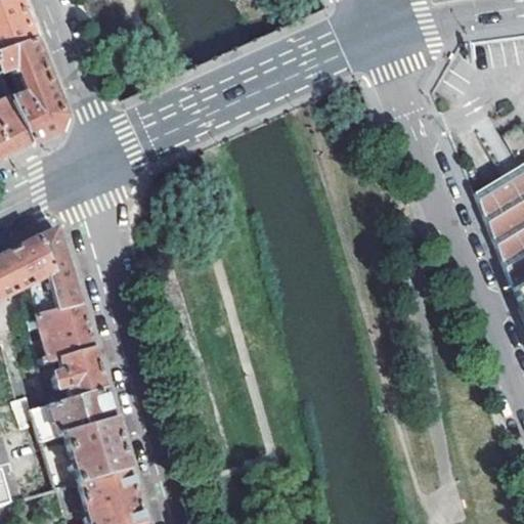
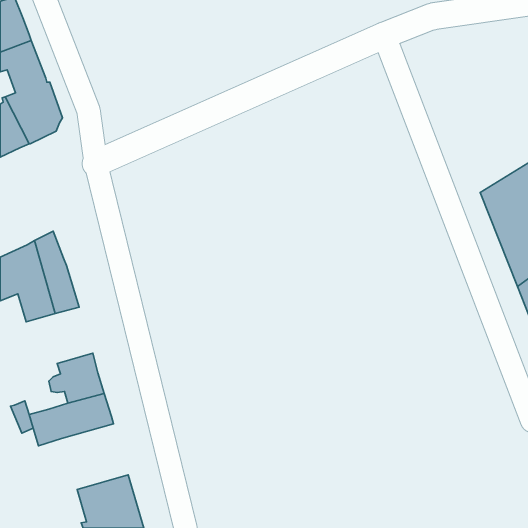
building: [37,302,95,361] -> none
building: [64,417,130,481] -> none

